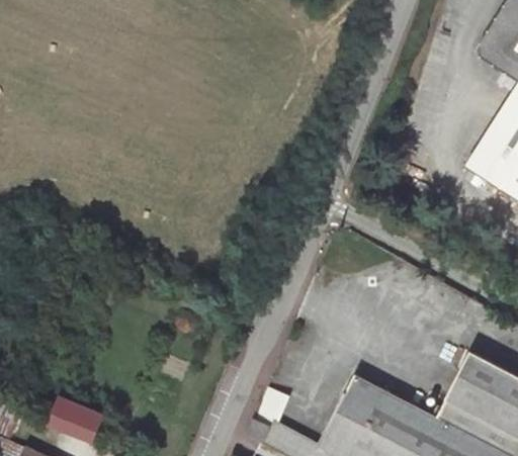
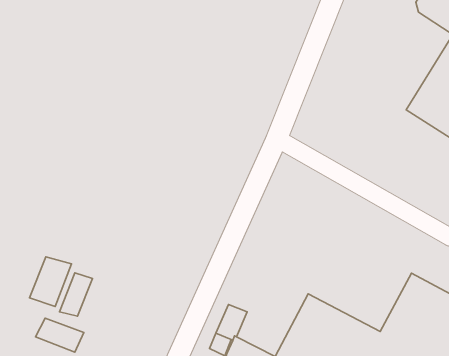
building: none -> [29,257,71,306]
building: none -> [60,273,93,316]

